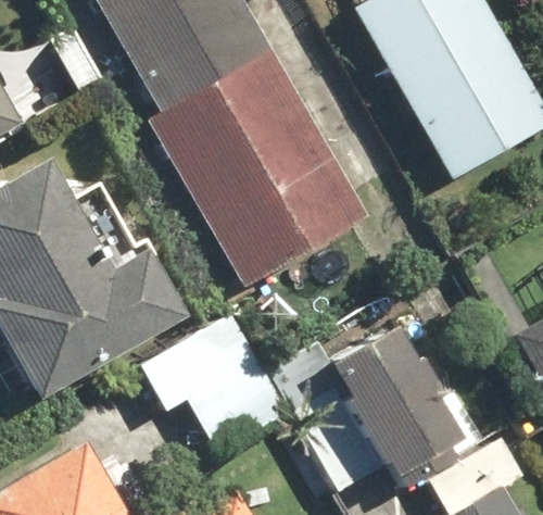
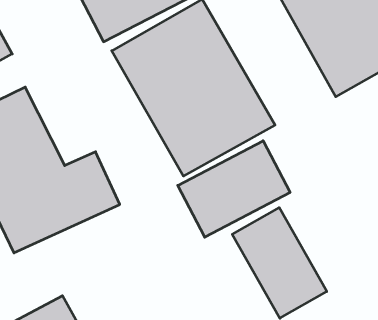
building: none -> [178,141,290,237]
building: [148,317,280,453] -> none

